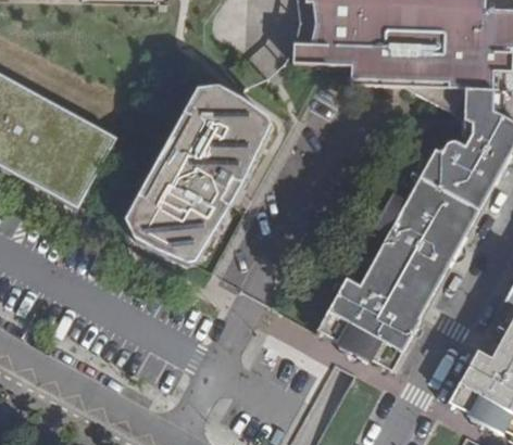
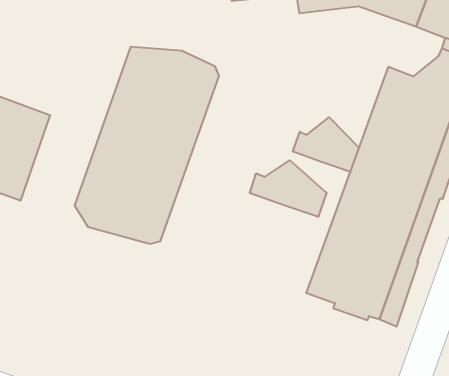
building: none -> [293,117,359,172]
building: none -> [250,160,327,217]

